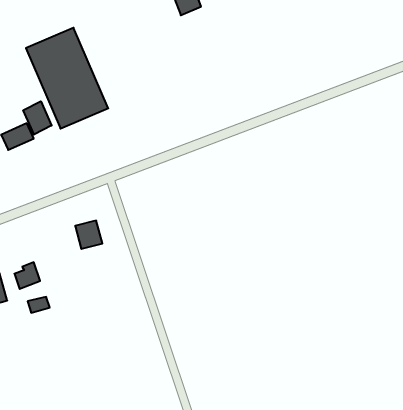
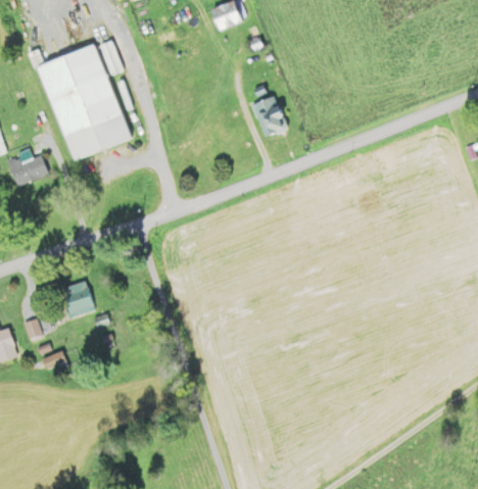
building: none -> [249,95,285,136]
building: [23,101,52,135] -> none
building: [75,221,102,249] -> [60,282,92,314]

